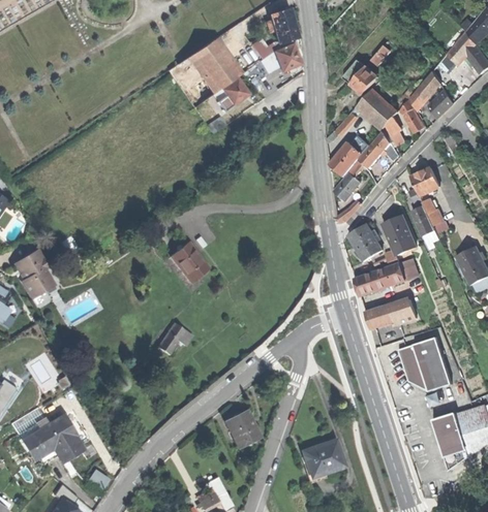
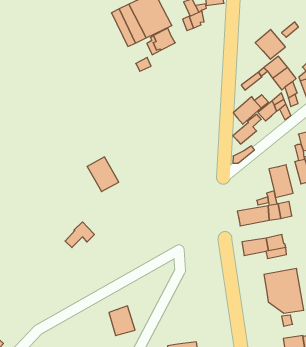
building: [275,43,301,70] -> none
building: [348,223,384,261] -> none

